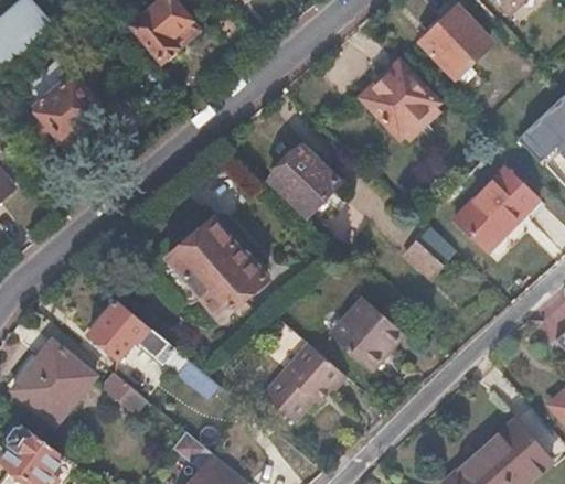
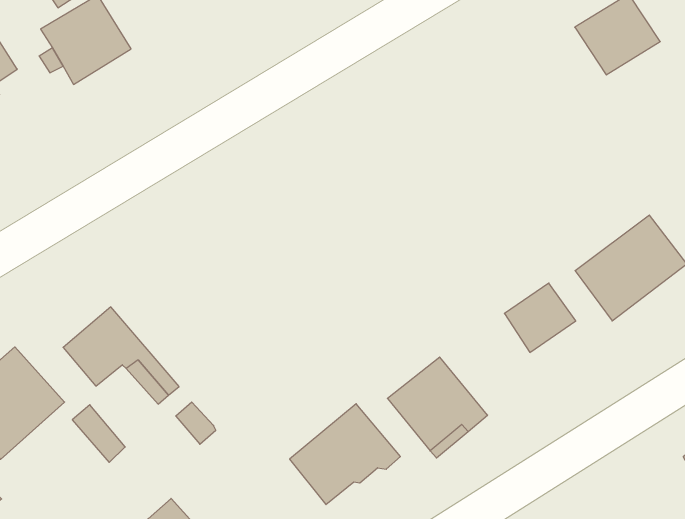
building: [361,62,434,136] -> none
building: [269,144,340,213] -> none
building: [164,217,268,321] -> none

